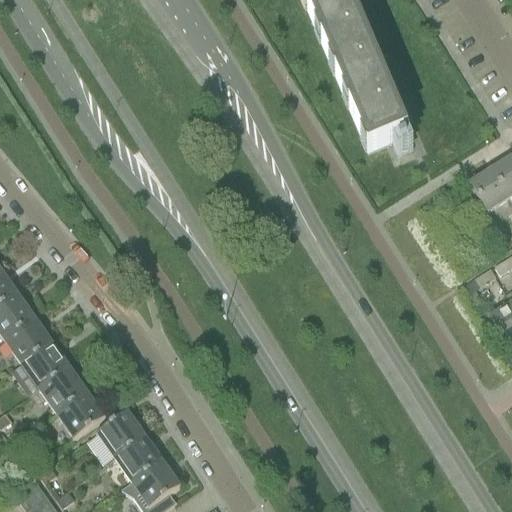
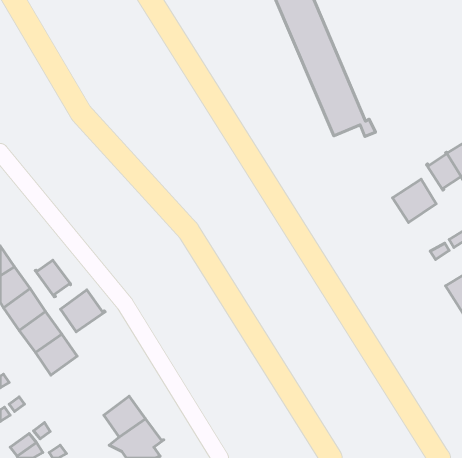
building: none -> [392,179,436,223]
building: none -> [35,260,71,297]
building: [59,391,108,437] -> [61,290,105,332]
building: [99,408,145,456] -> none

